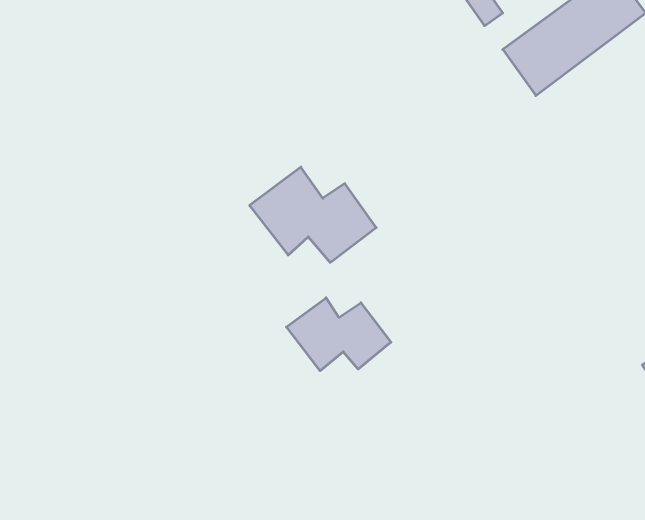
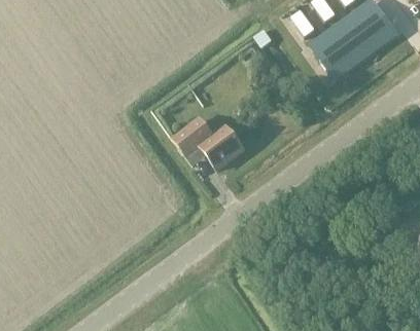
building: [286,298,391,371] -> none

